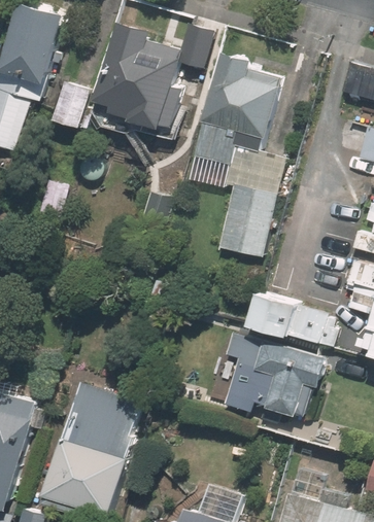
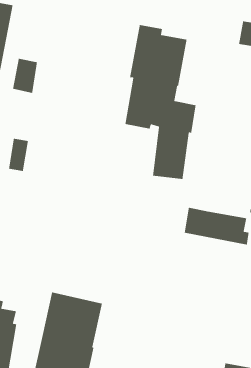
building: [96,24,213,131] -> none
building: [225,334,324,418] -> none

